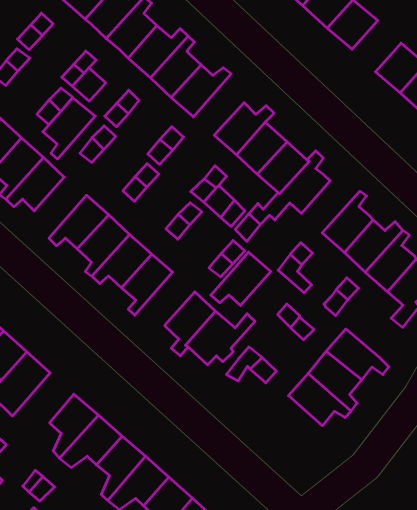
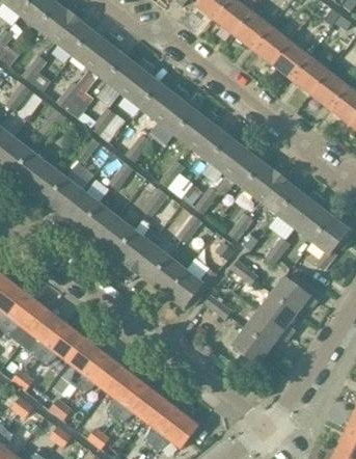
building: none -> [273,42,309,80]
building: none -> [158,89,195,136]
building: [43,98,95,159] -> [44,176,82,222]
building: none -> [244,164,286,204]
building: [211,252,271,306] -> [125,241,168,281]
building: none -> [38,323,83,363]
building: none -> [230,327,271,365]

